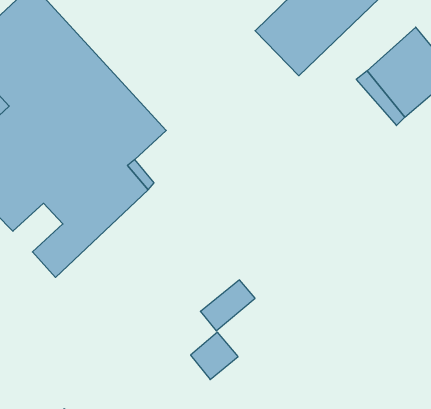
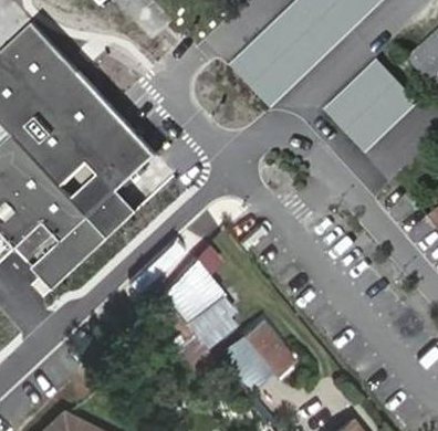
building: none -> [160,259,218,320]
building: none -> [221,319,291,386]

